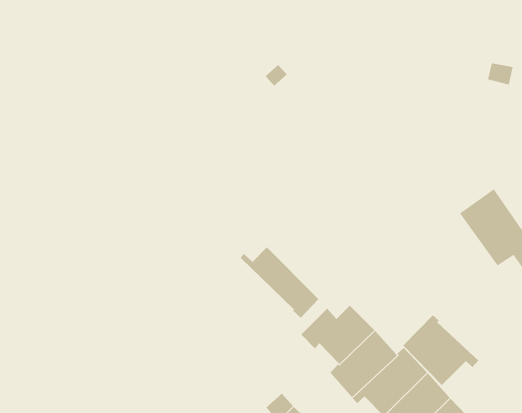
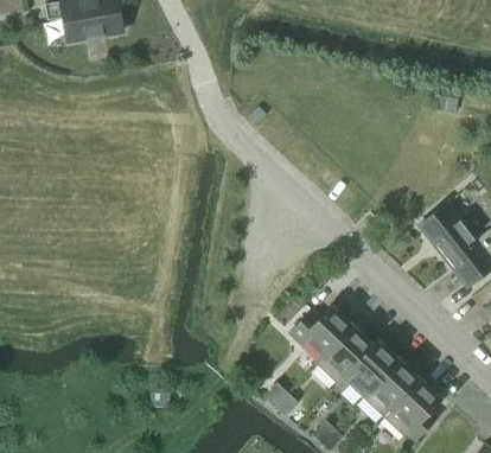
building: [240,246,319,319] -> none
building: [402,315,479,386] -> none

